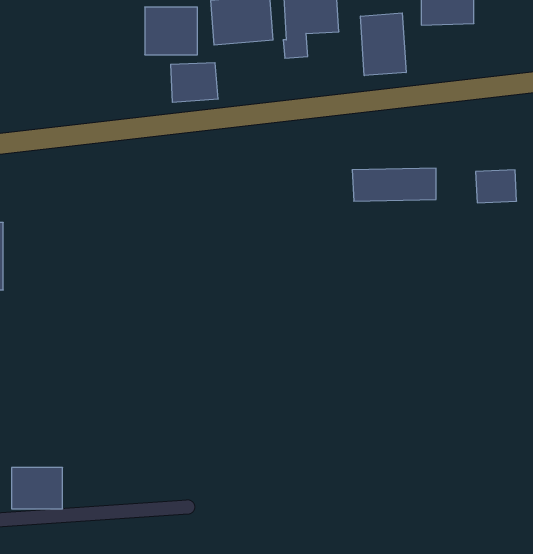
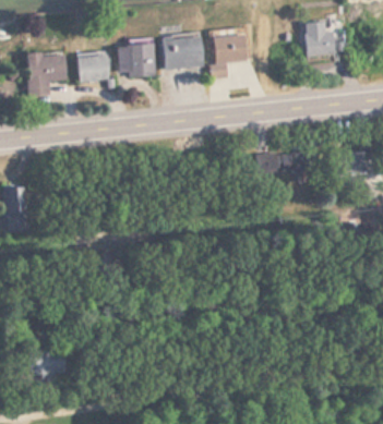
building: [361,13,406,76] -> none
building: none -> [28,52,67,95]
building: [171,63,218,102] -> [79,54,110,81]

